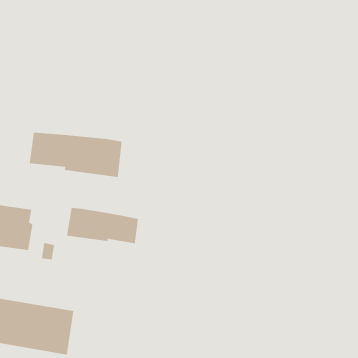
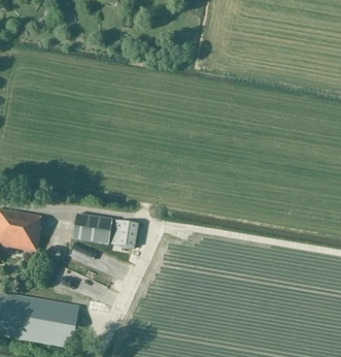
building: [29,132,122,178] -> none

